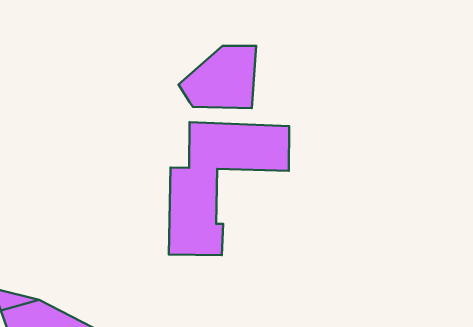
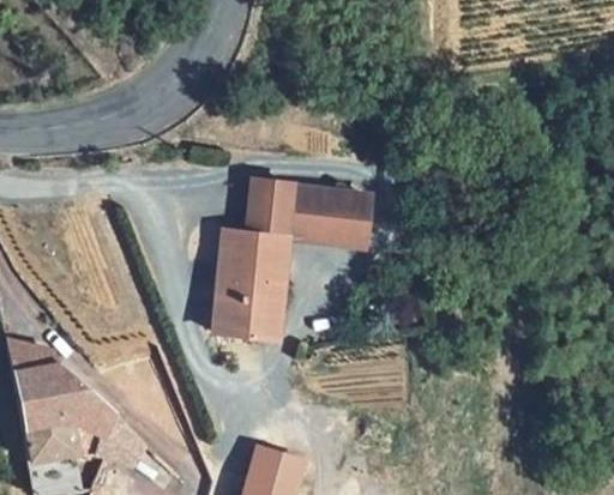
building: [179,46,256,108] -> none

